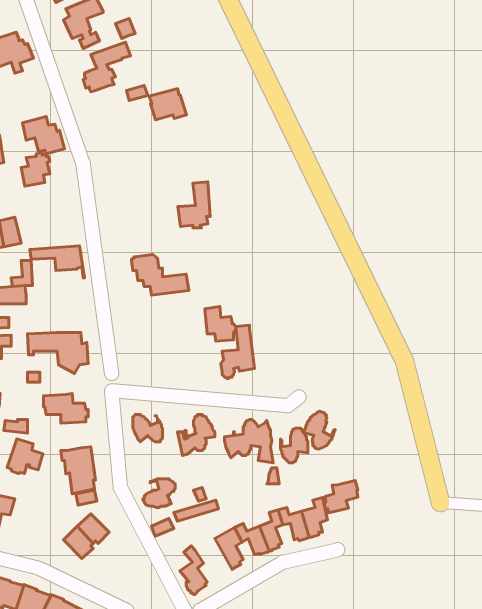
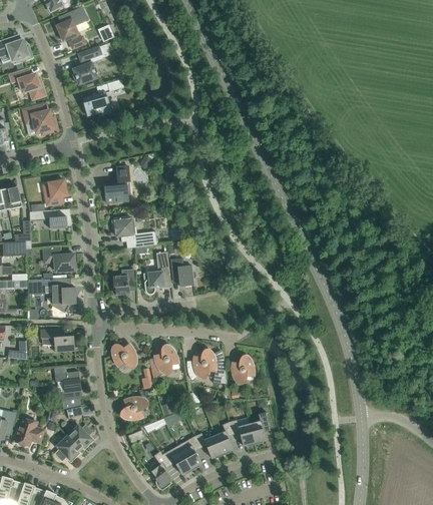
building: none -> [10,69,45,99]
building: [149,89,186,120] -> [82,91,112,116]
building: [21,153,50,186] -> [44,178,67,205]
building: [178,182,210,228] -> [104,166,130,203]
building: none -> [43,246,75,272]
building: none -> [111,269,134,296]
building: [221,325,254,378] -> [144,251,171,295]
building: [304,411,335,449] -> none
building: [7,439,43,474] -> [15,418,44,446]
building: [324,480,358,513] -> none
building: none -> [162,445,192,474]

